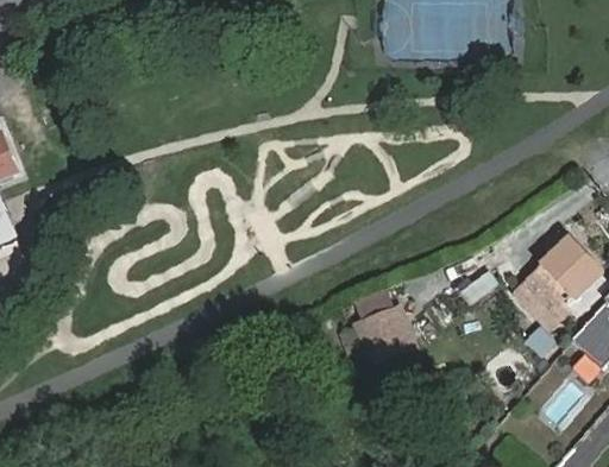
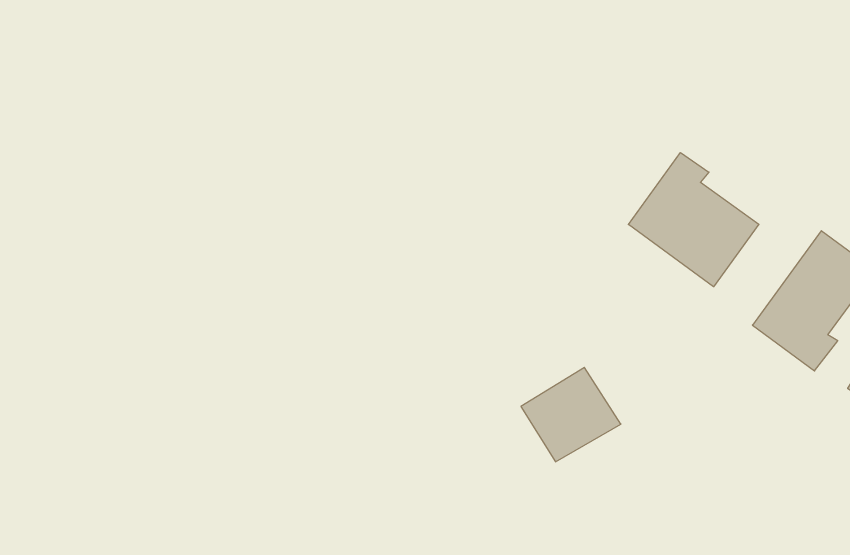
building: none -> [628,153,759,287]

